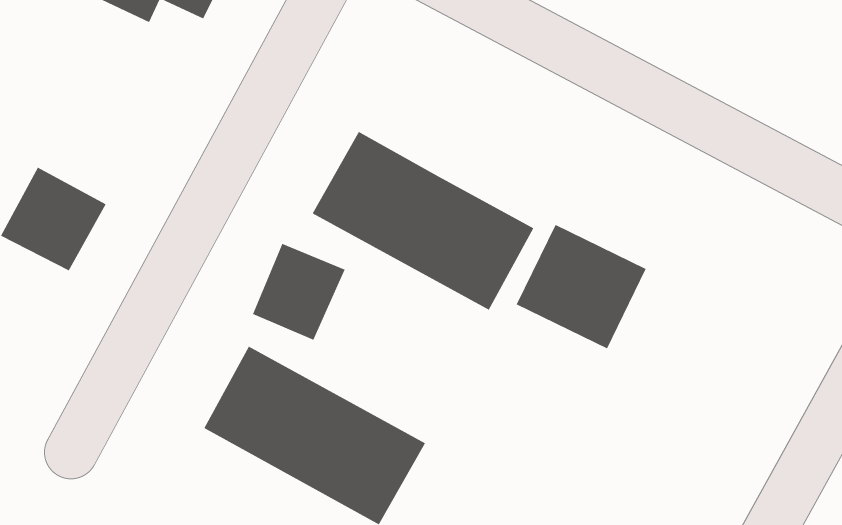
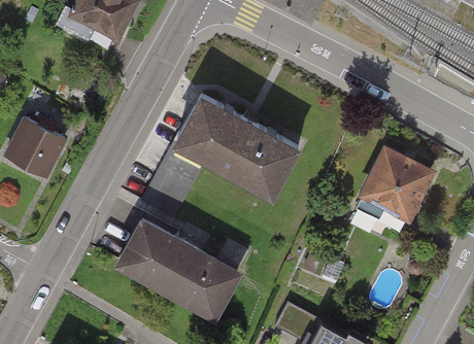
building: [516,224,647,349] -> [363,146,435,215]

